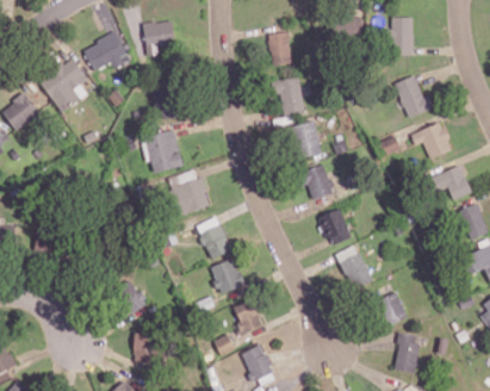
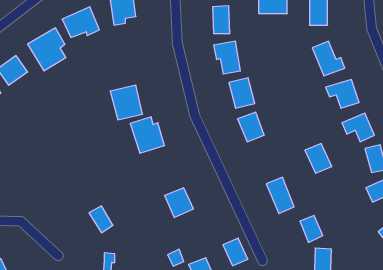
building: [318,209,352,246] -> [305,144,332,173]
building: [196,216,231,259] -> none
building: [231,299,262,334] -> [223,238,248,266]

